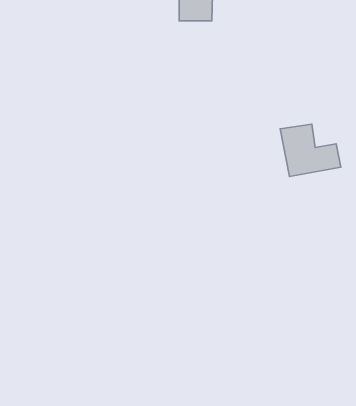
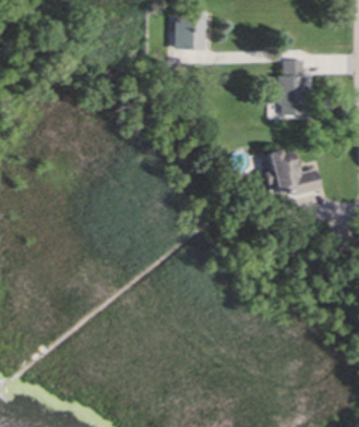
building: none -> [276,61,301,111]

